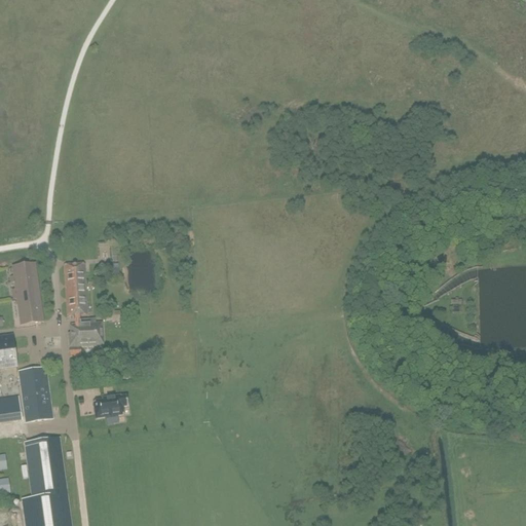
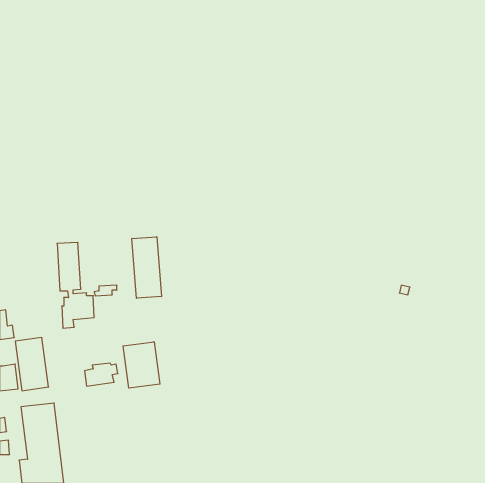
building: none -> [132,237,161,298]
building: [8,261,43,324] -> none
building: none -> [123,342,160,388]

